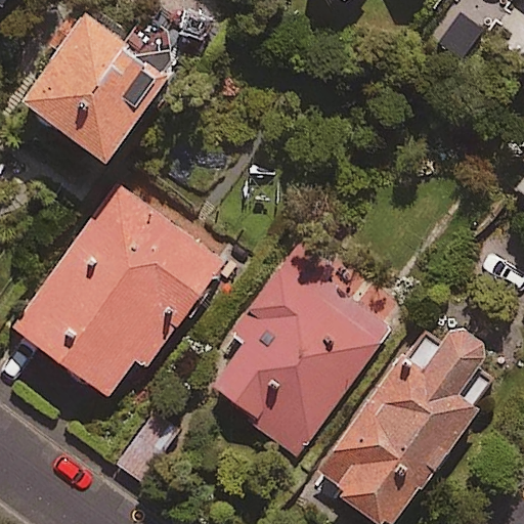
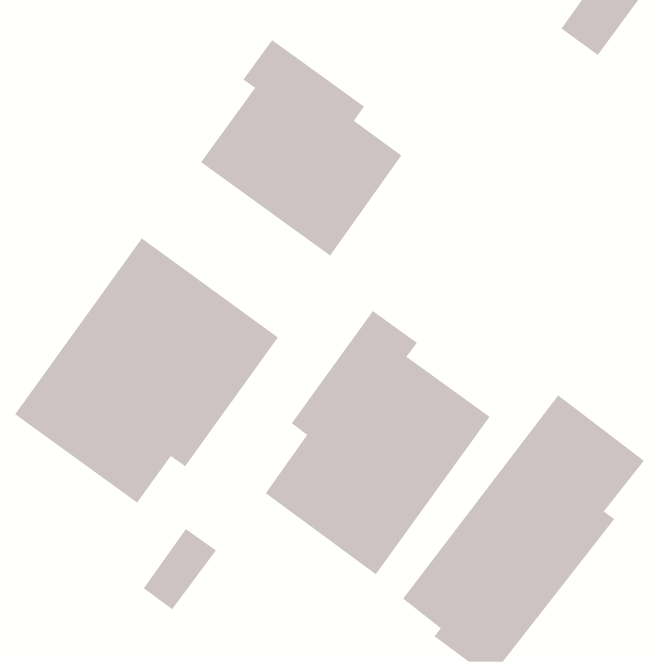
building: [23,5,187,164] -> none
building: none -> [200,39,402,257]

